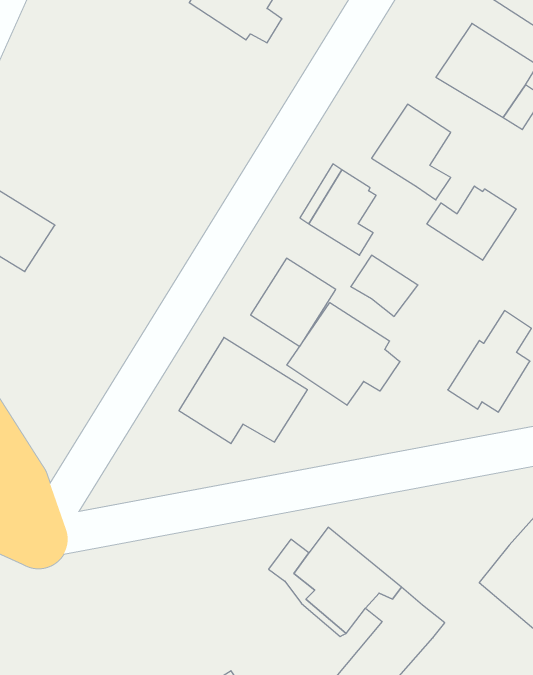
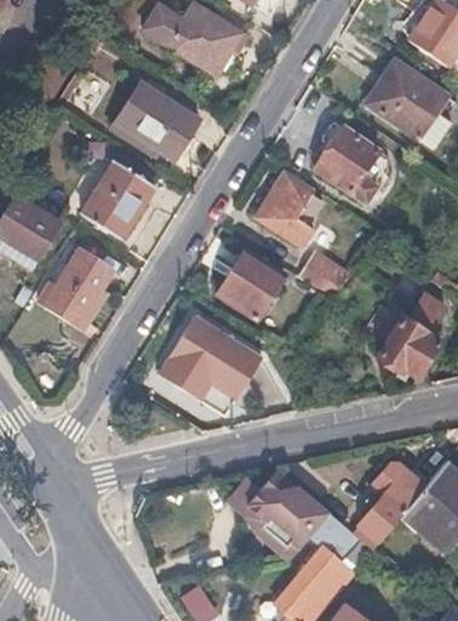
building: none -> [109,84,197,160]
building: none -> [75,132,153,239]
building: [427,186,516,260] -> none
building: none -> [47,251,114,324]
building: [287,303,400,405] -> none
building: none -> [353,454,426,546]

